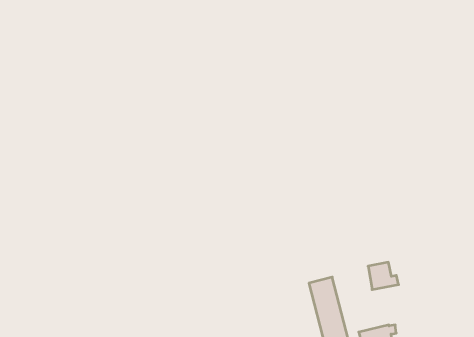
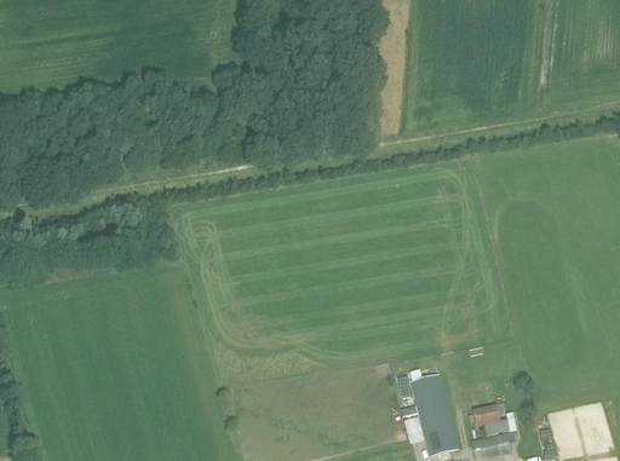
building: [368,262,399,290] -> [472,402,509,434]

